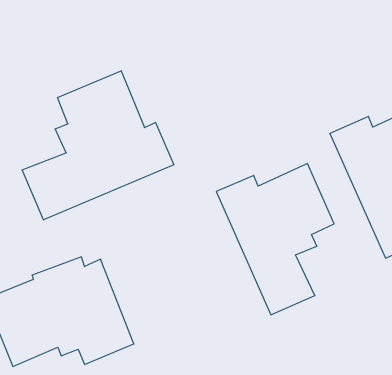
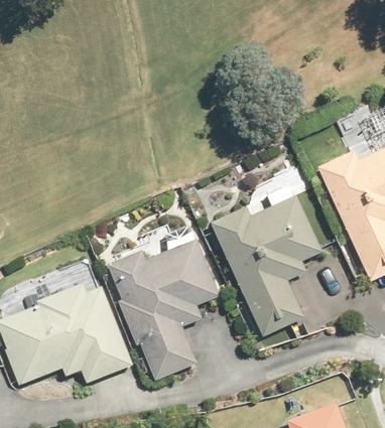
building: [22,71,174,220] -> none
building: none -> [107,239,220,382]

